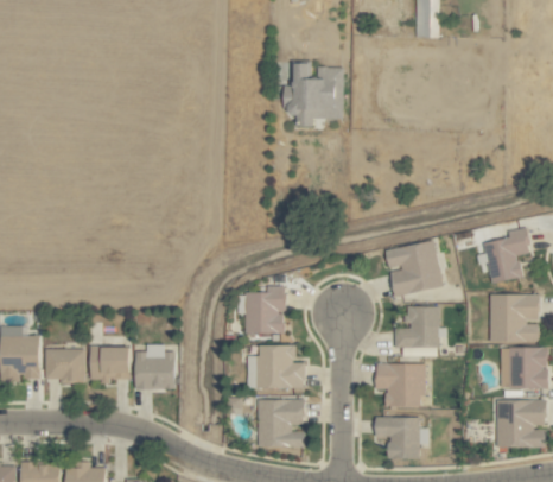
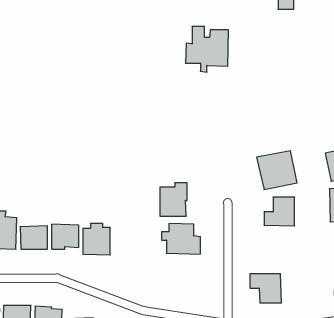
building: [376,362,425,407] -> none
building: [258,399,305,448] -> none

